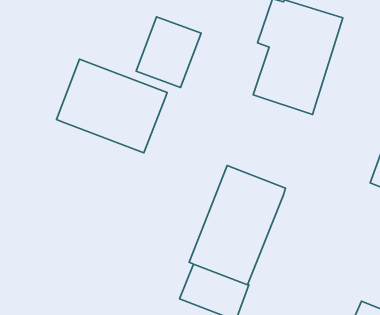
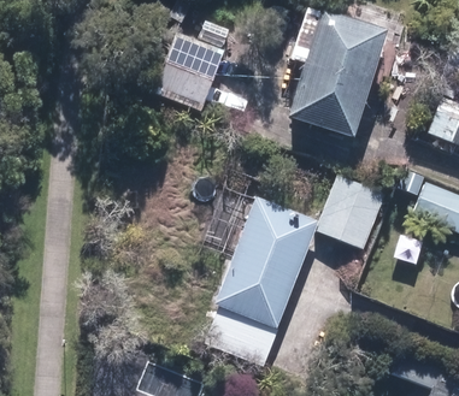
building: [56,59,167,153] -> none
building: none -> [318,176,387,248]

